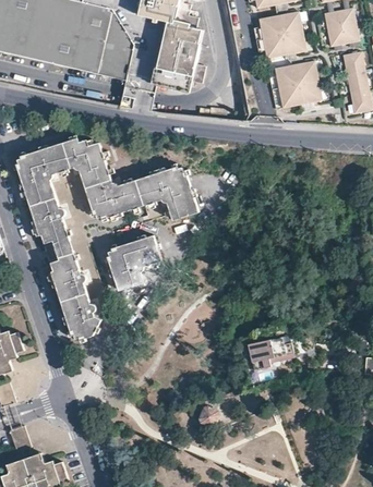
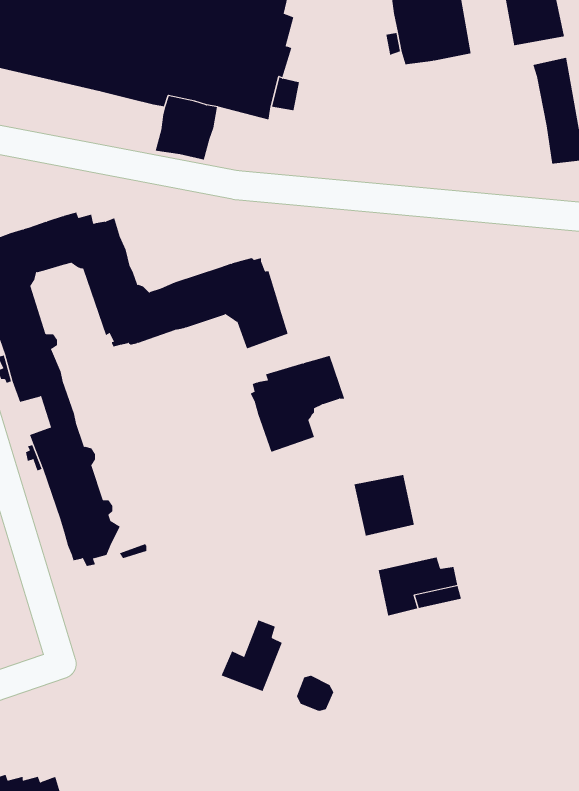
building: [273,60,318,106] -> none
building: [107,234,161,290] -> [250,355,345,452]
building: none -> [354,474,415,536]
building: none -> [221,619,283,692]

